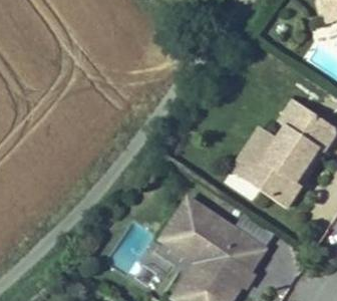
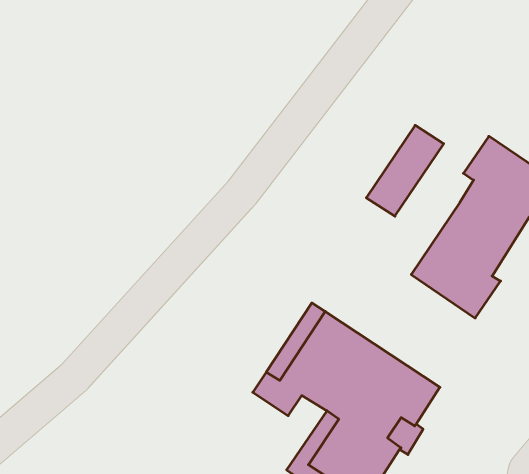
building: [231,126,277,181] -> [366,125,444,216]

